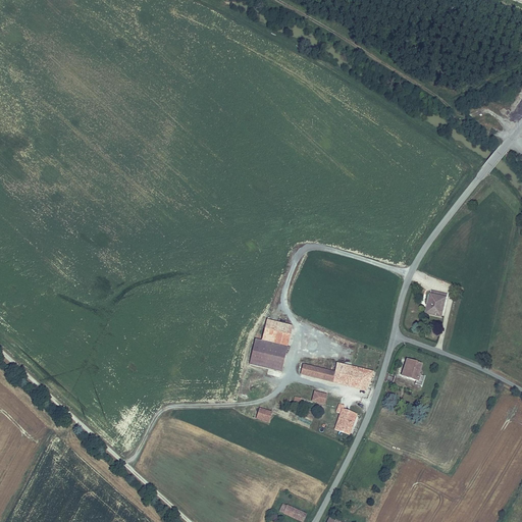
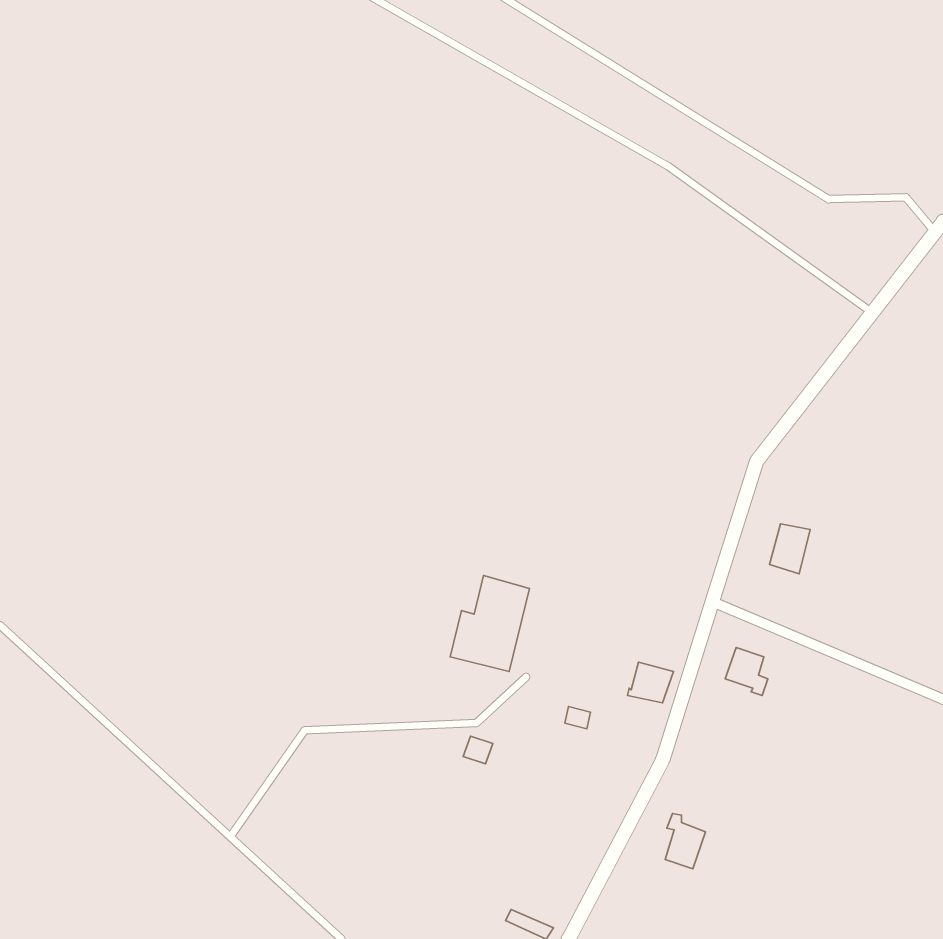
building: [301,363,353,384] -> none
building: [334,403,357,433] -> [665,813,706,869]

